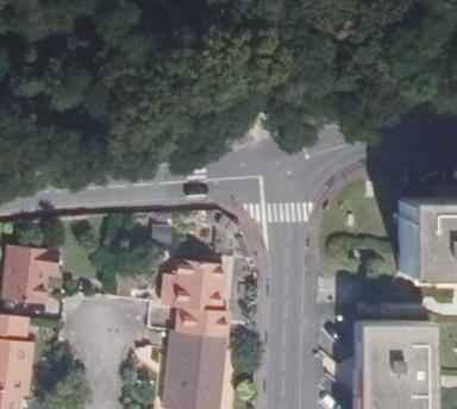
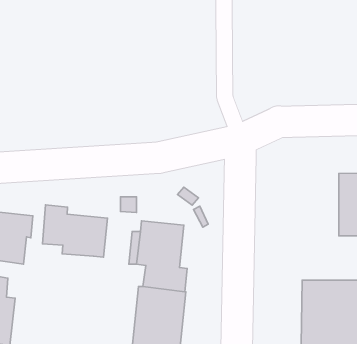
building: none -> [43,205,107,257]

